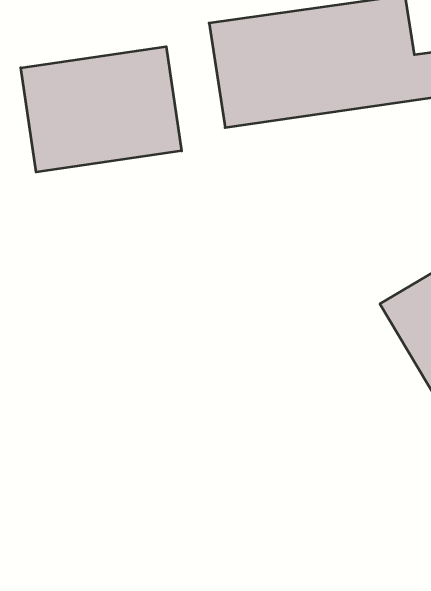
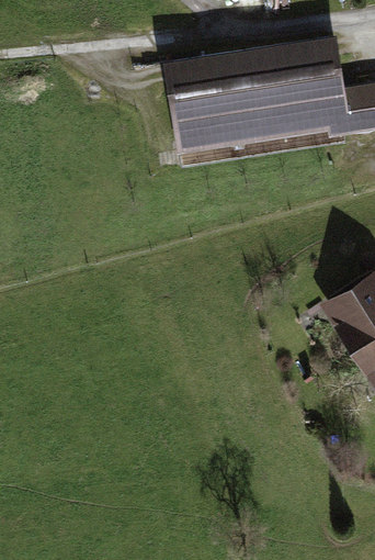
building: [21,47,182,172] -> none

